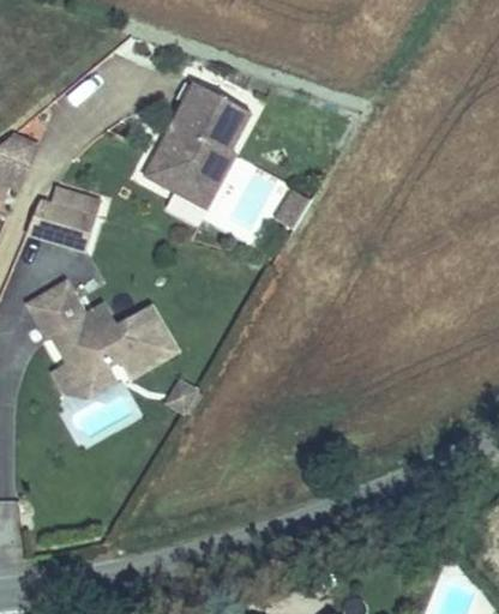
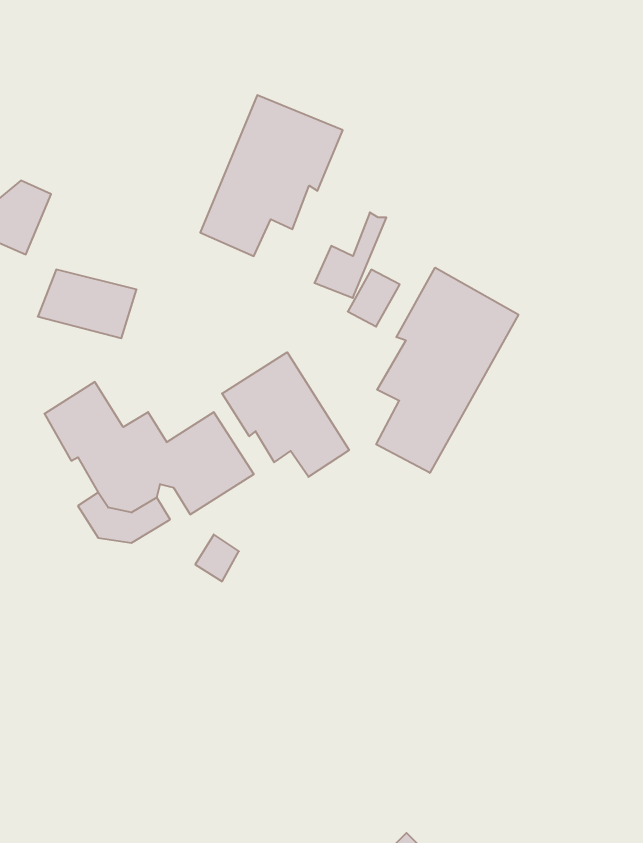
building: [190,143,241,204] -> [314,212,386,298]
building: none -> [376,268,518,473]
building: none -> [222,352,349,477]

